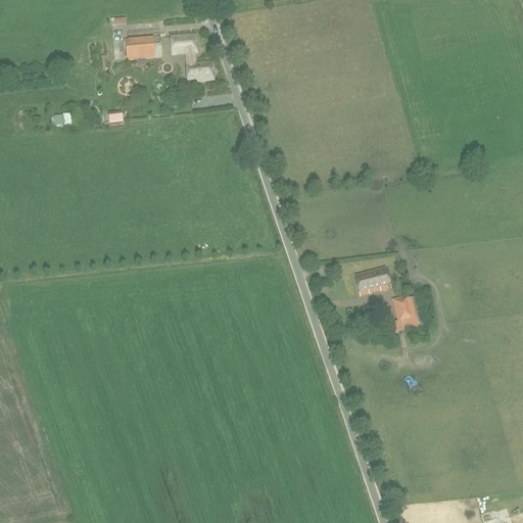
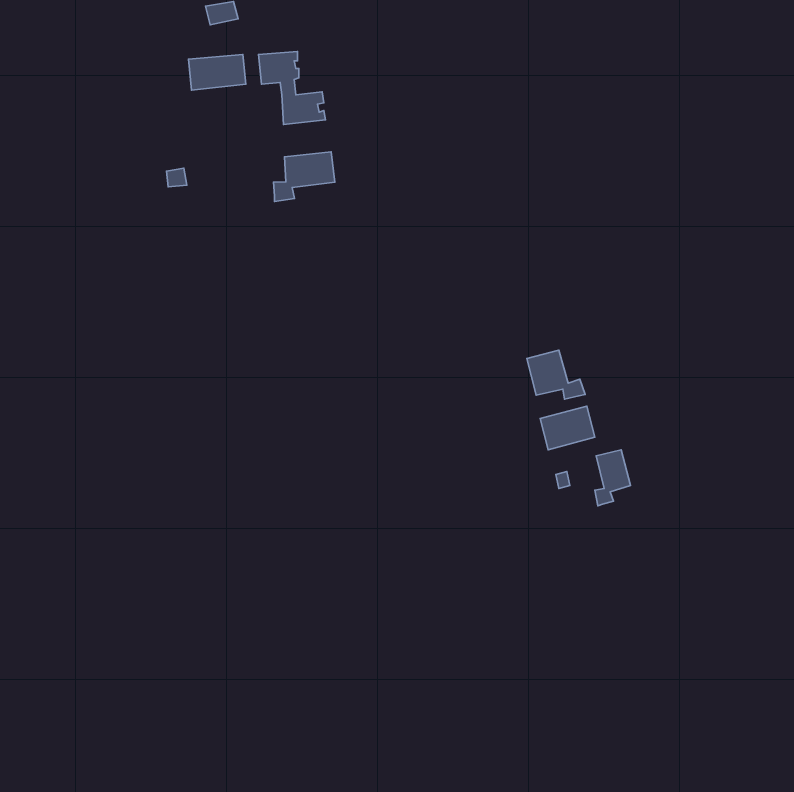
building: none -> [273,152,335,202]
building: none -> [527,350,585,399]

